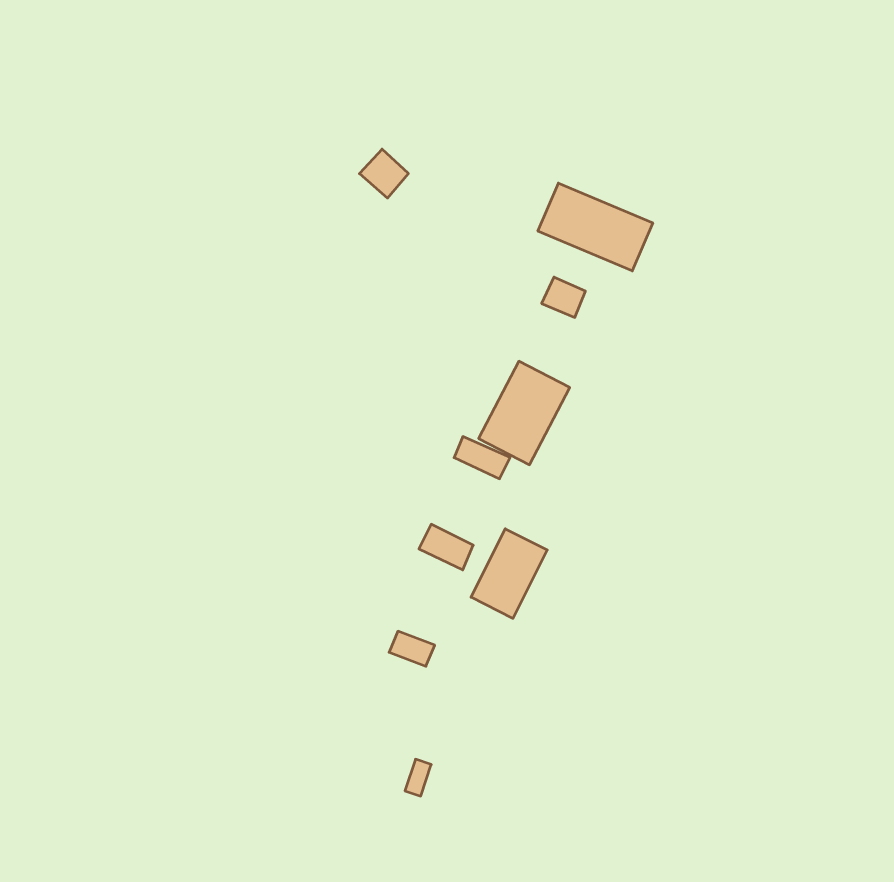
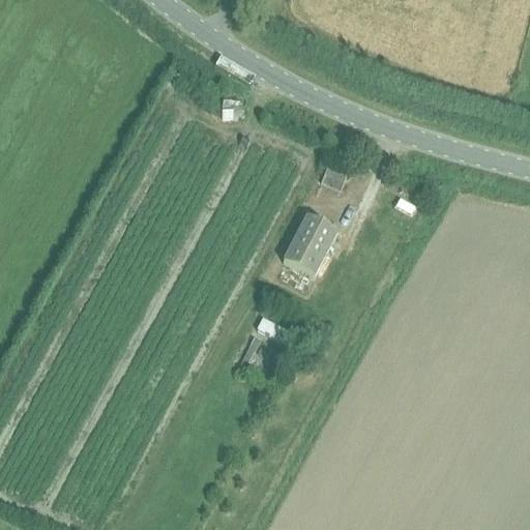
building: [538,183,653,271] -> none
building: [471,529,547,618] -> none

